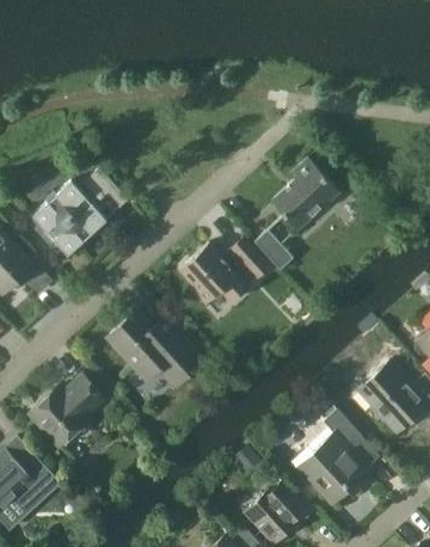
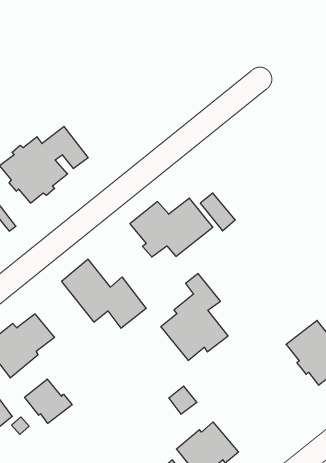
building: [270,158,368,231] -> none
building: [299,410,373,505] -> [161,274,228,360]
building: none -> [25,379,72,423]

